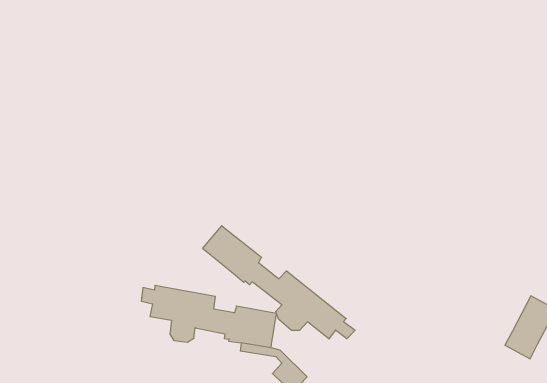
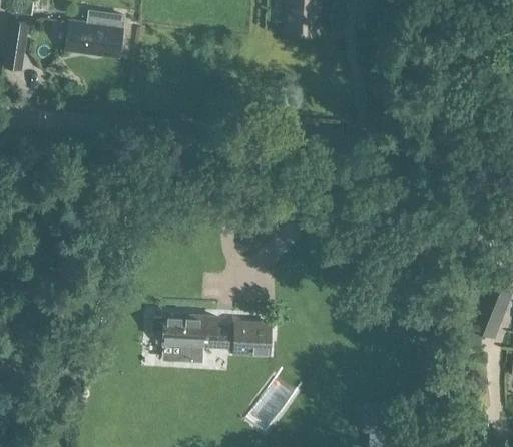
building: [203,226,355,339] -> none

